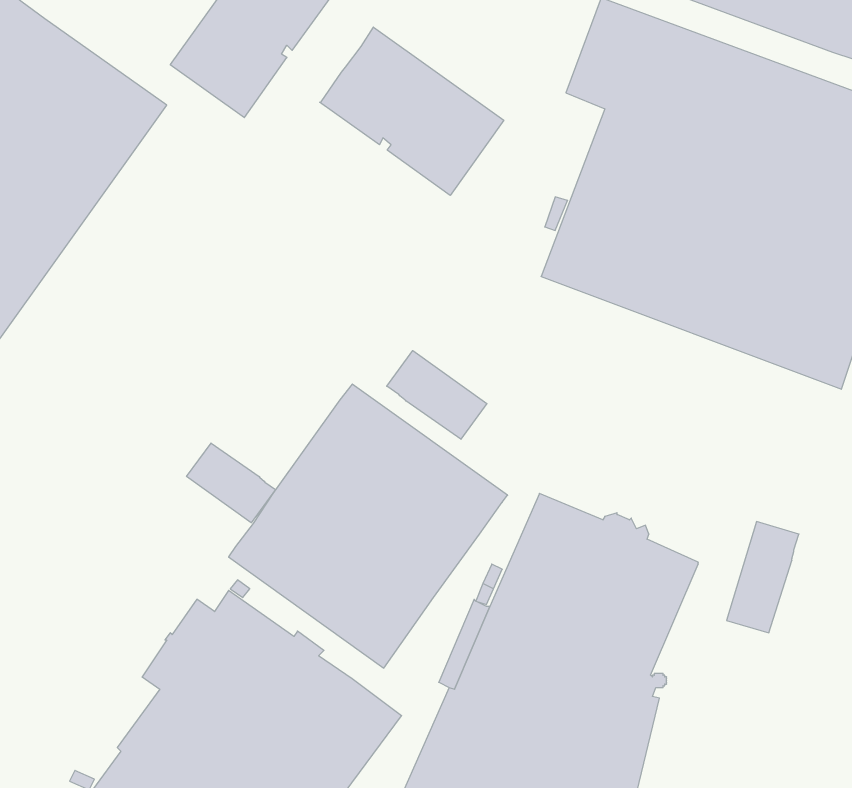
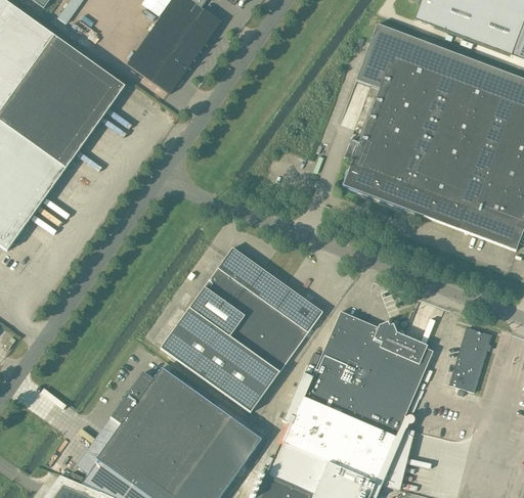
building: [320,27,504,195] -> none
building: [387,351,487,439] -> none
building: [187,443,276,523] -> none

